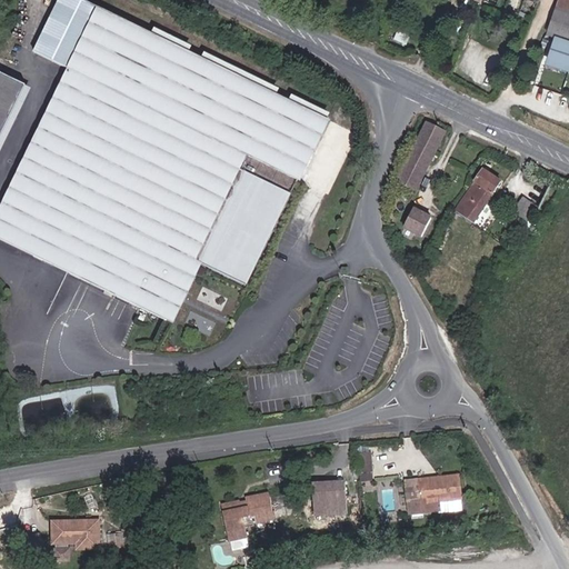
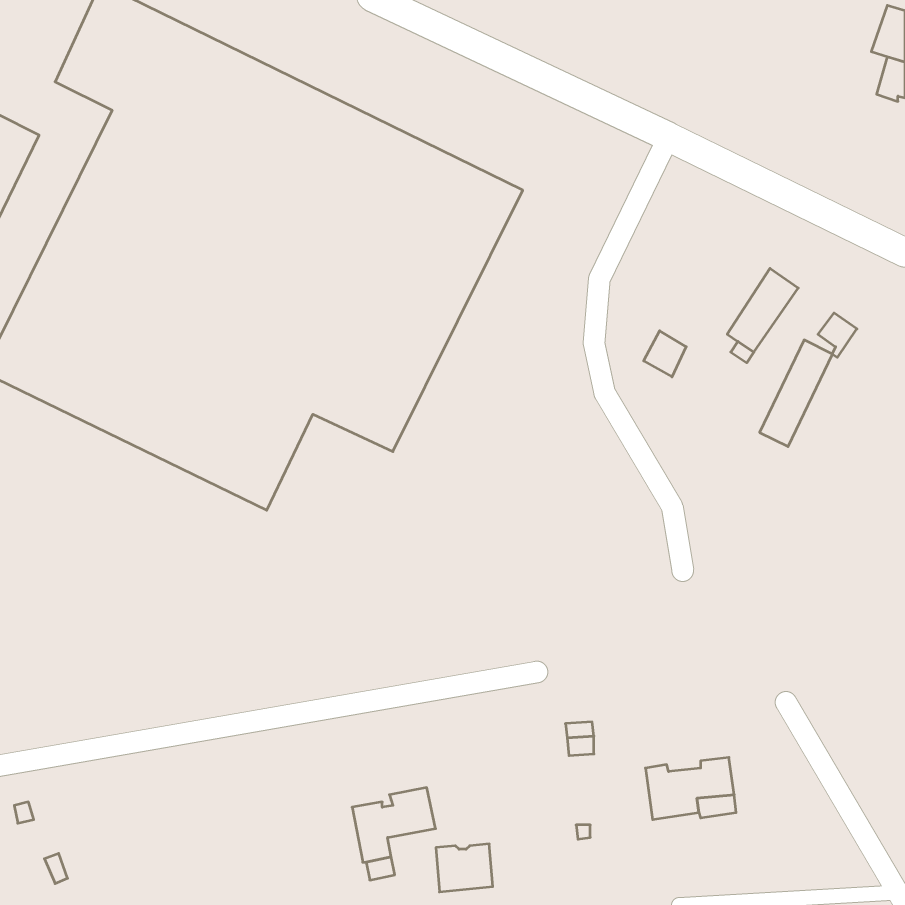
building: [397,121,442,188] -> [760,340,833,447]
building: [310,482,346,512] -> [436,844,493,892]
building: [51,519,98,559] -> none

